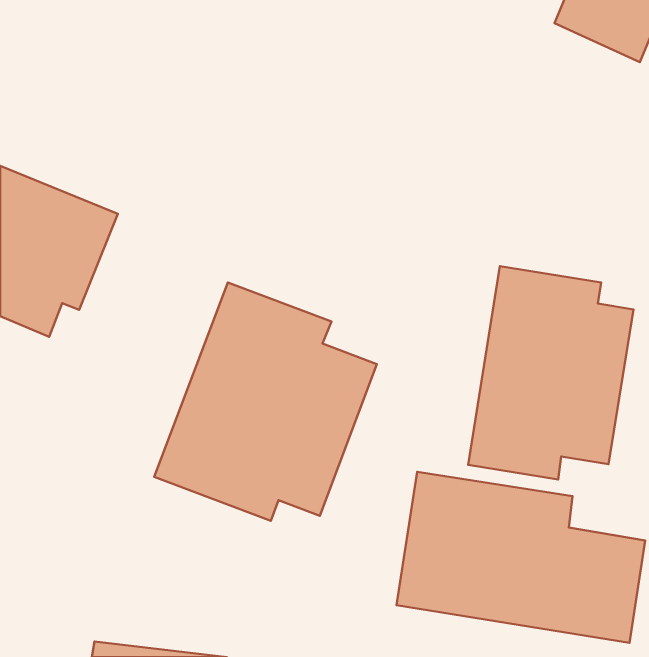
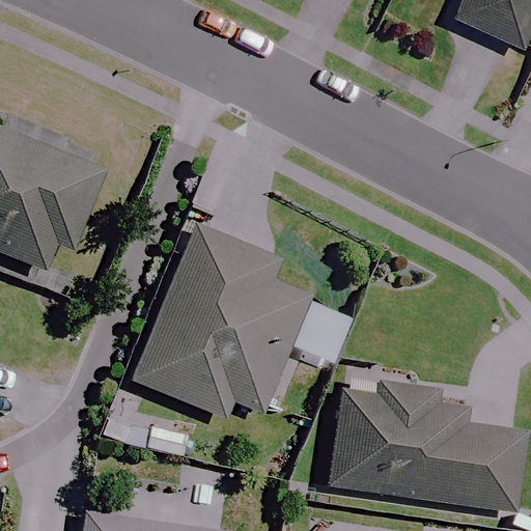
building: [468,266,634,479] -> none

